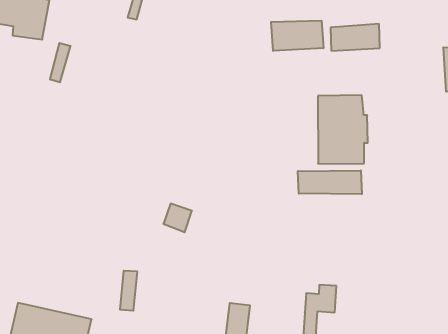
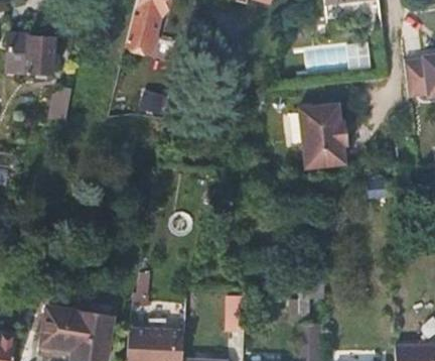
building: [271,21,323,51] -> none
building: [298,170,362,194] -> none

